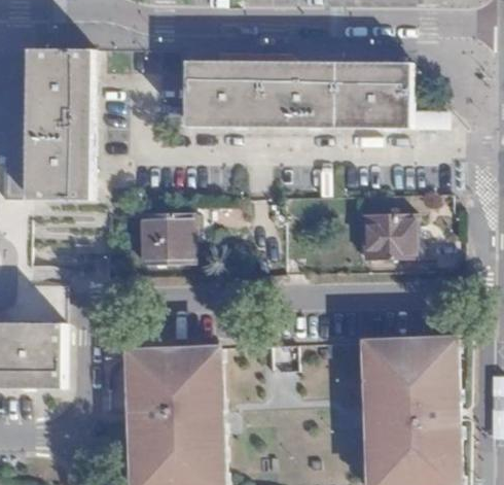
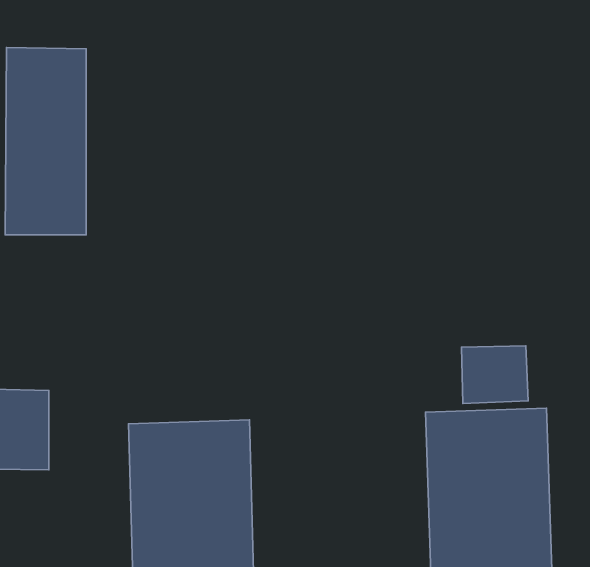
building: [183,61,406,126] -> none
building: [136,211,188,263] -> none
building: [356,211,409,257] -> [461,346,528,404]

